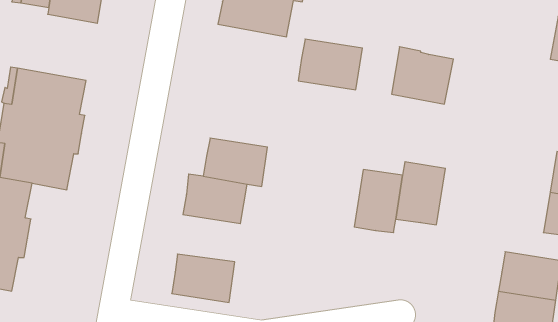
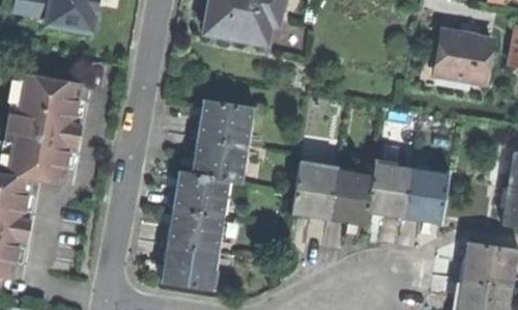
building: [298,39,362,90] -> [196,100,255,146]
building: [392,47,453,104] -> [435,30,492,83]
building: none -> [291,161,337,220]
building: none -> [404,166,449,223]
building: none -> [166,208,224,252]

